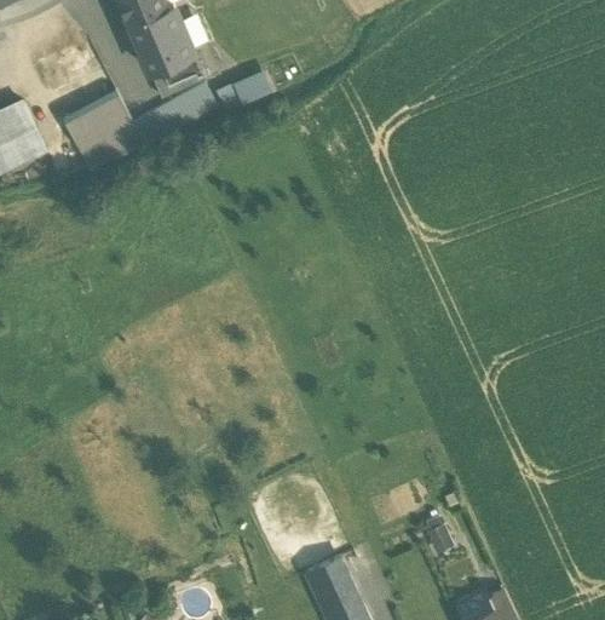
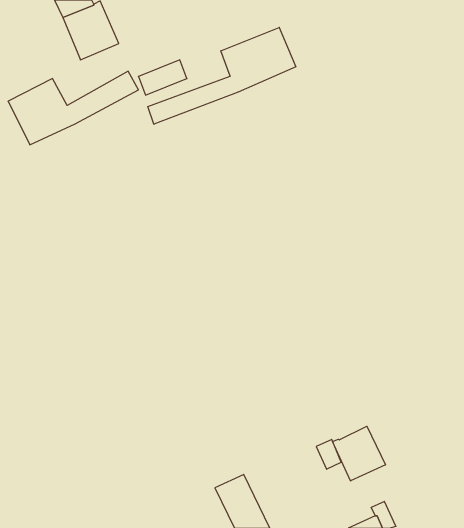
building: none -> [148,27,296,124]
building: [148,51,204,98] -> none
building: none -> [333,426,385,481]

